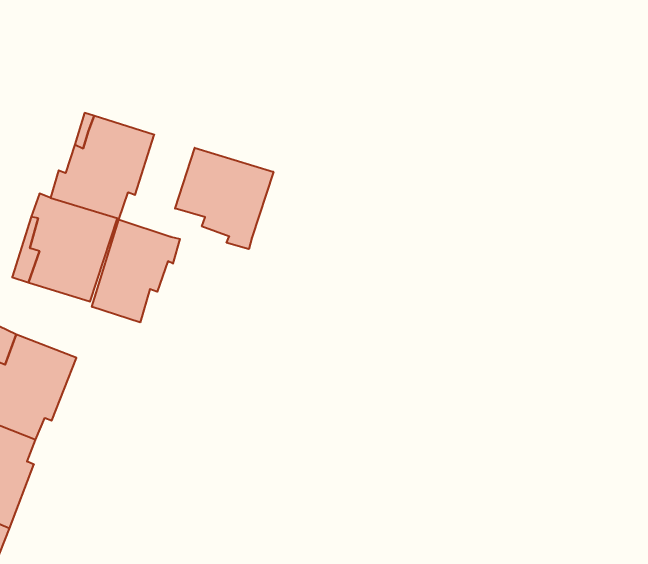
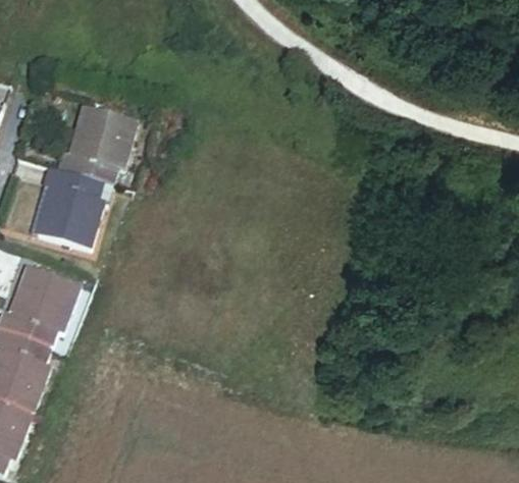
building: [175,148,273,249] -> none
building: [92,220,180,322] -> none

